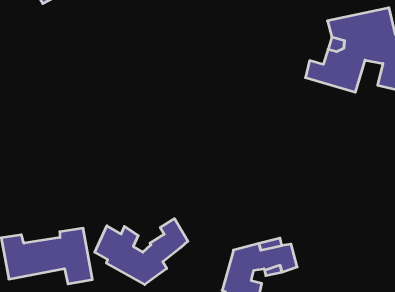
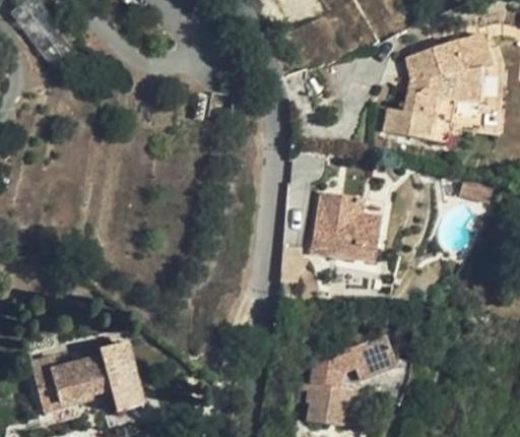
building: none -> [310,191,381,261]
building: [95,219,188,285] -> none

